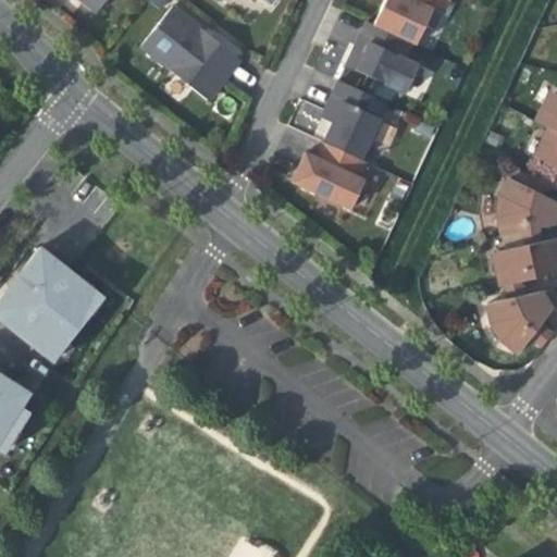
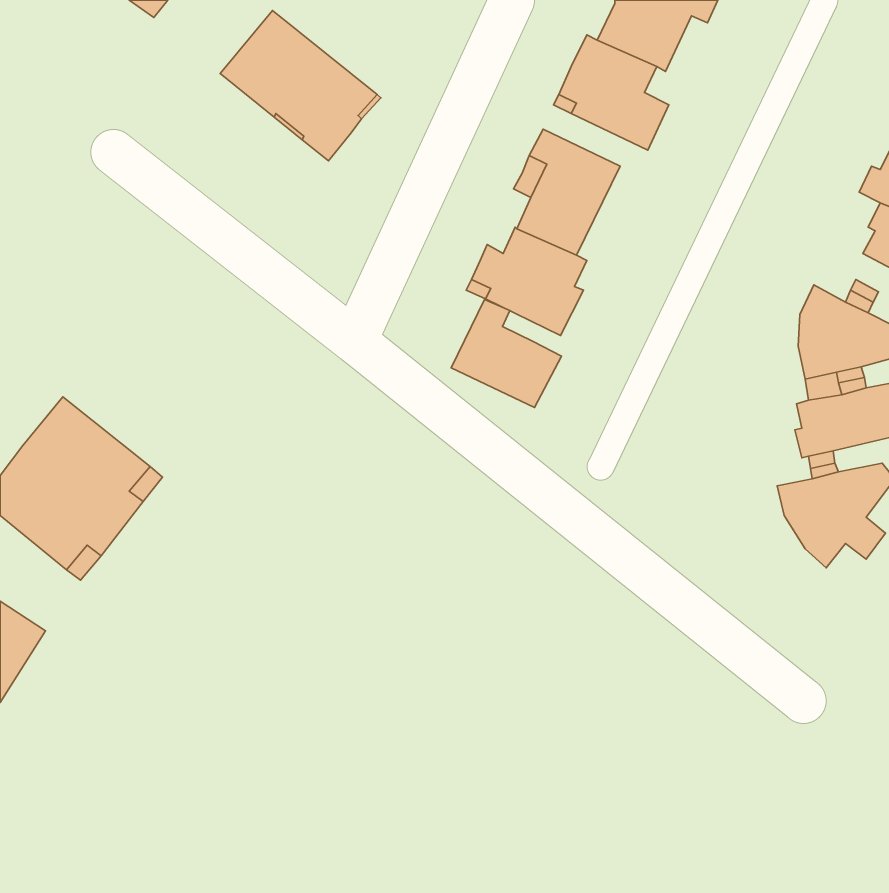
building: none -> [451,300,561,407]

